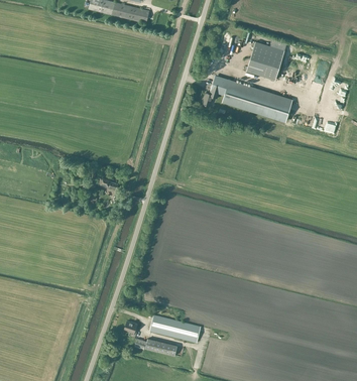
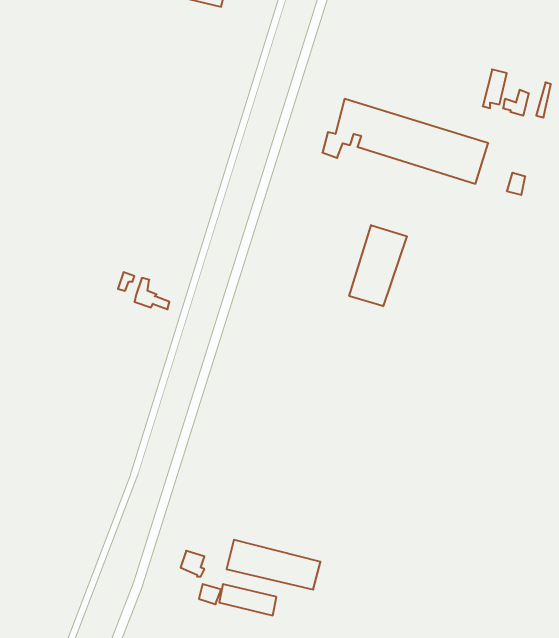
building: [246,41,284,80] -> none
building: none -> [349,225,407,306]

